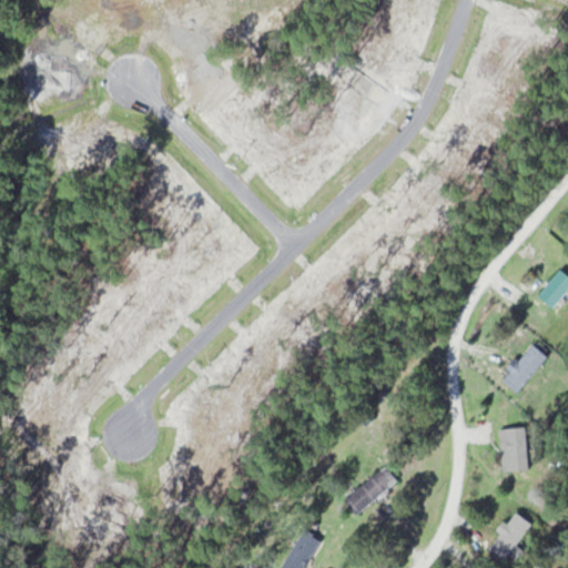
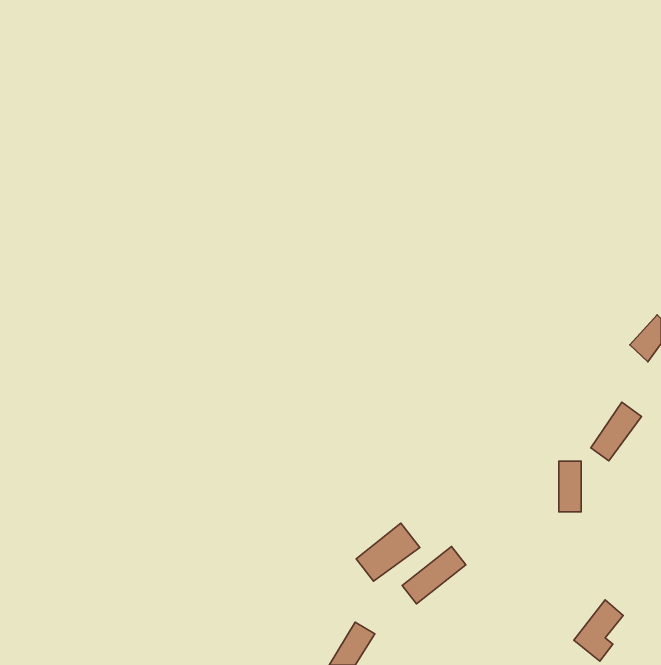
building: [507,427,526,470] -> [559,461,581,512]
building: none -> [356,523,420,581]

